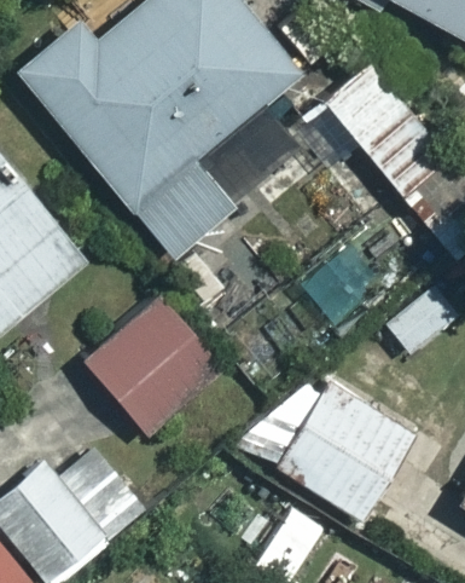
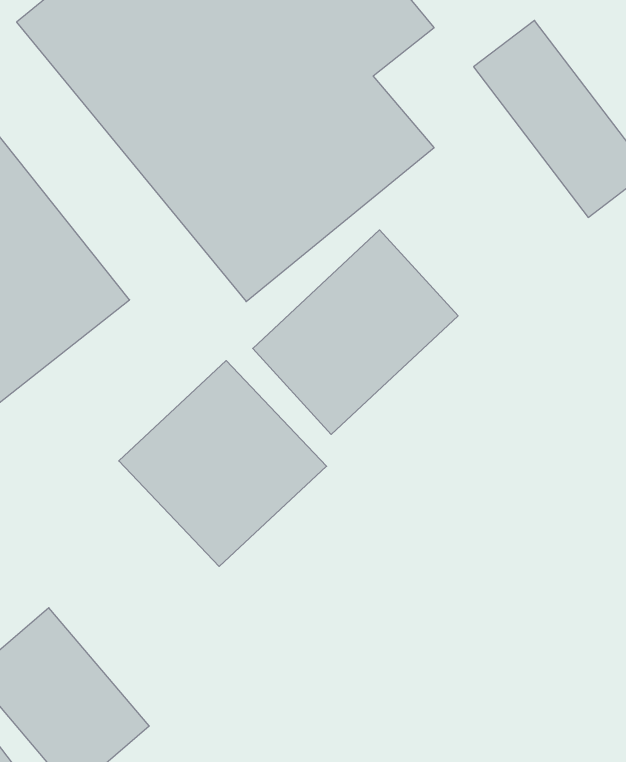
building: none -> [253,230,458,434]
building: [275,379,418,521] -> none

